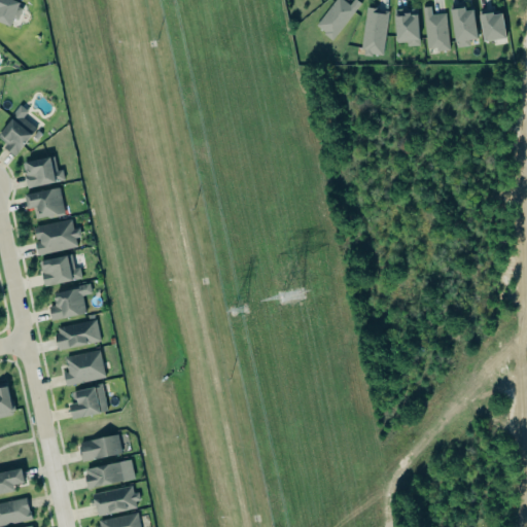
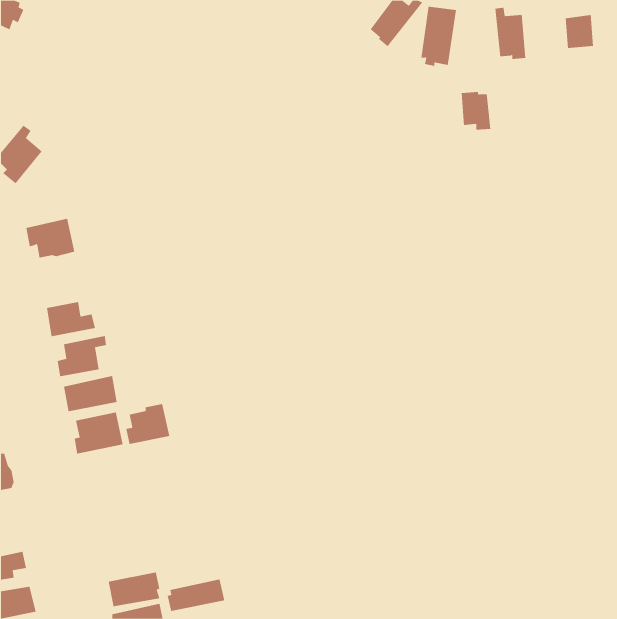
building: [452,7,480,47] -> none
building: [394,12,420,45] -> [461,92,491,130]
building: [24,157,66,187] -> none
building: [33,216,82,256] -> none
building: [69,383,107,418] -> [125,403,170,445]
building: [79,433,121,461] -> none
building: [84,460,134,488] -> [167,579,225,611]

